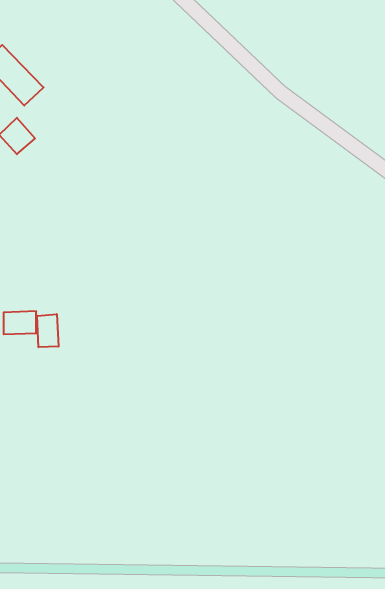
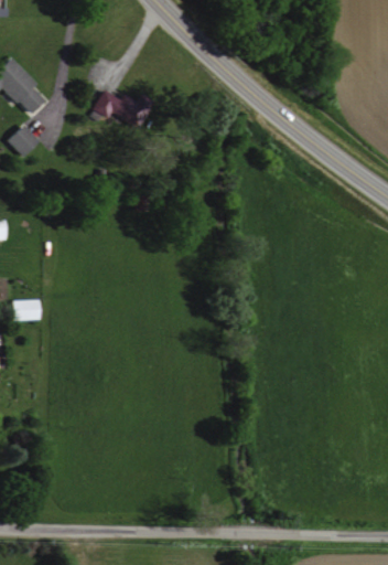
building: none -> [95,90,153,131]
building: [37,314,59,347] -> none

